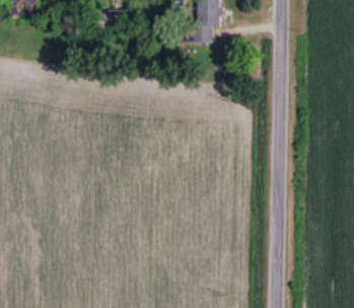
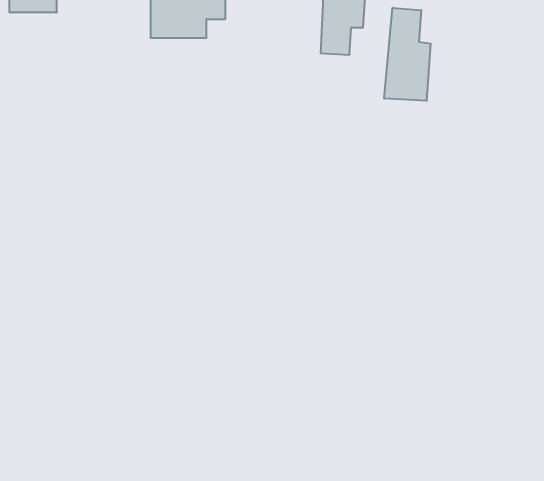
building: none -> [384,8,431,101]

